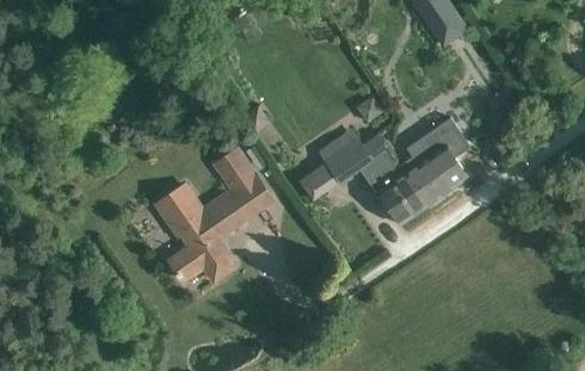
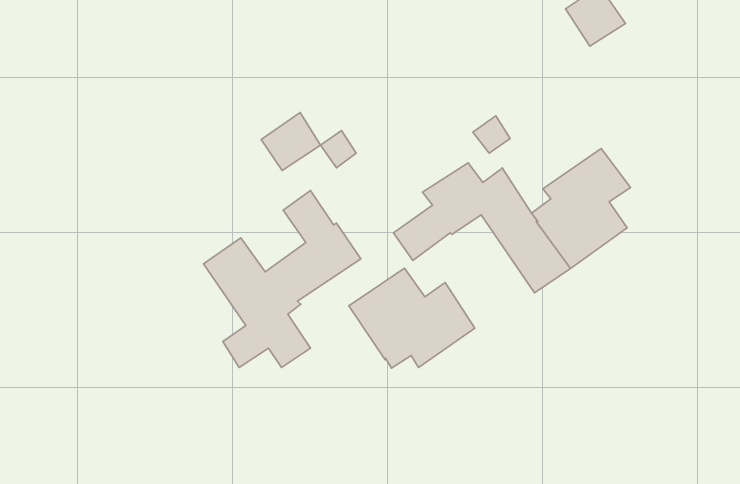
building: none -> [261,112,320,171]
building: none -> [349,268,475,368]

